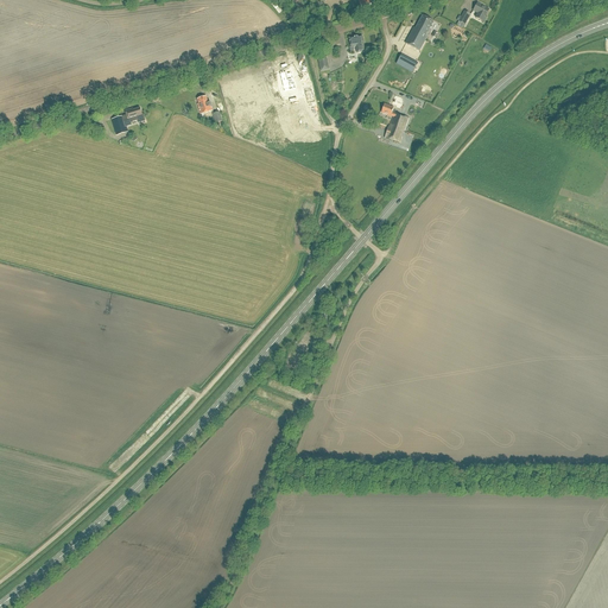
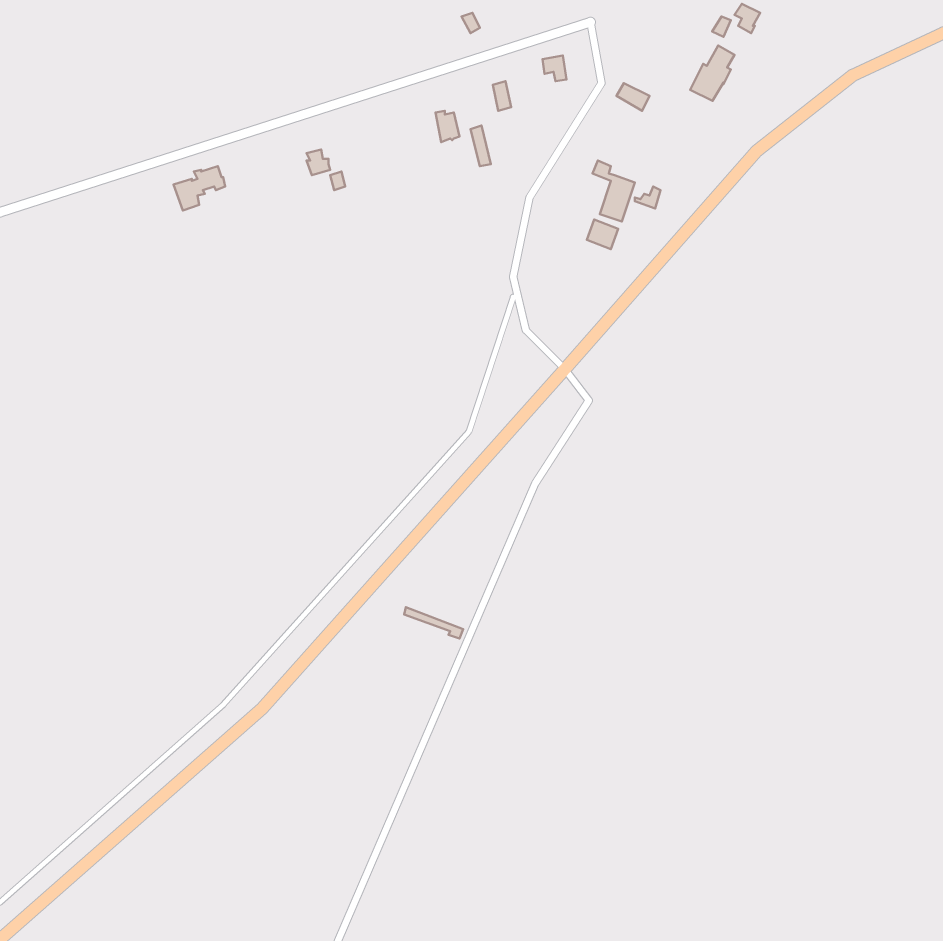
building: [405,14,433,50] -> [690,45,735,101]

